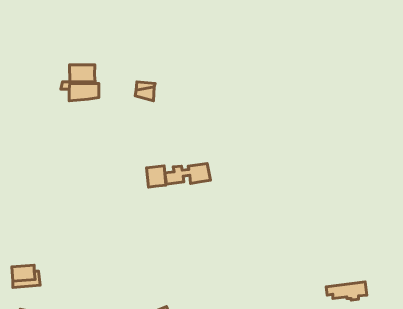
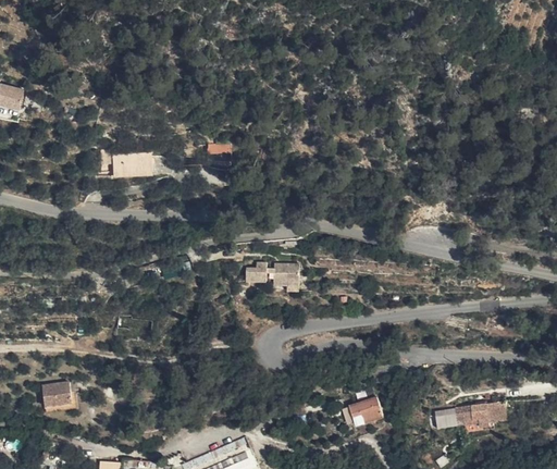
building: [70,65,95,82] -> none
building: [147,166,166,187] -> none
building: none -> [346,400,381,431]

